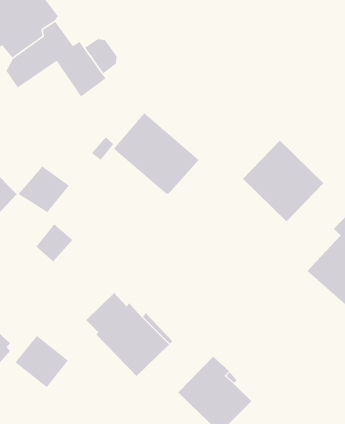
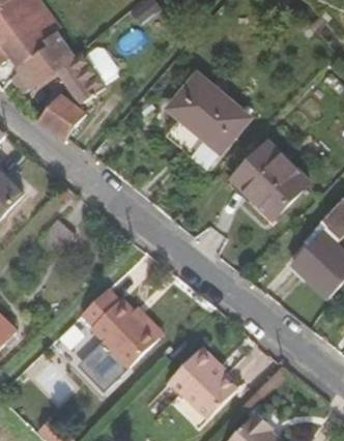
building: [113,112,200,194] -> [167,74,248,150]
building: [18,165,70,213] -> [35,94,84,139]
building: [14,335,69,388] -> [76,341,126,390]

